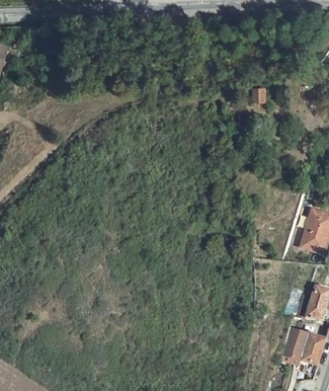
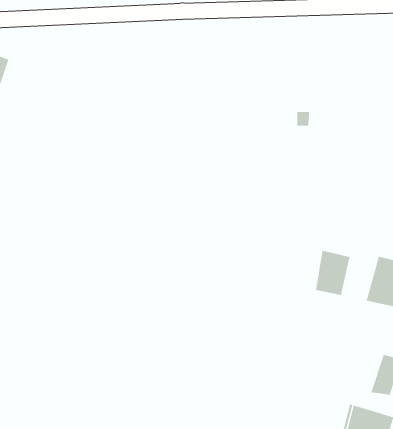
building: none -> [316,250,350,296]

